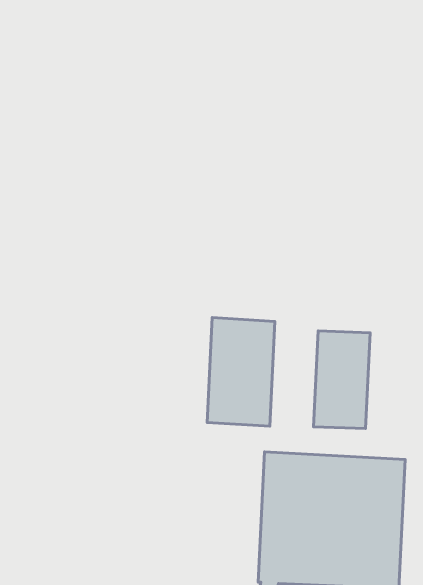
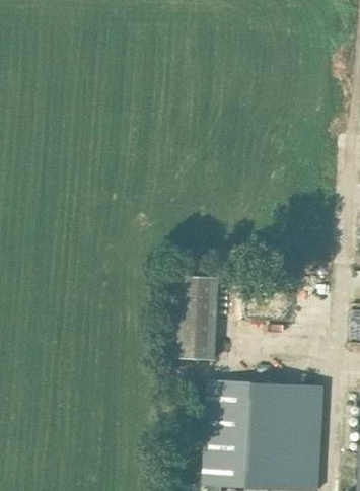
building: [313,331,370,429] -> none

